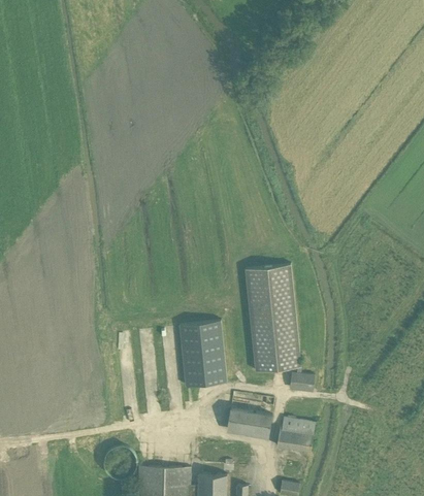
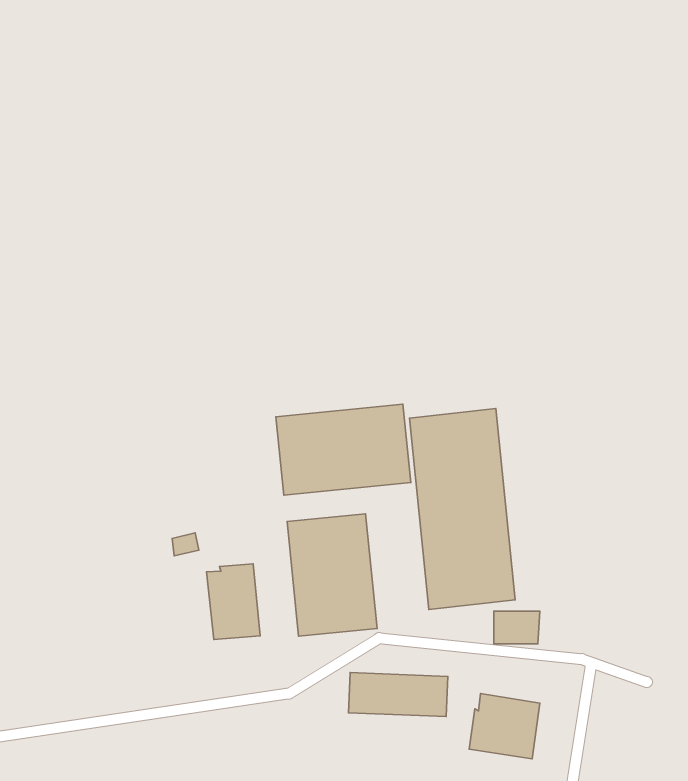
building: none -> [276,404,411,495]
building: none -> [207,564,260,639]

